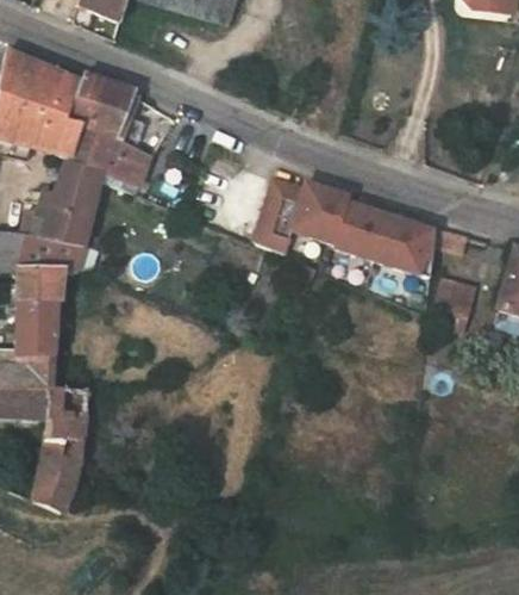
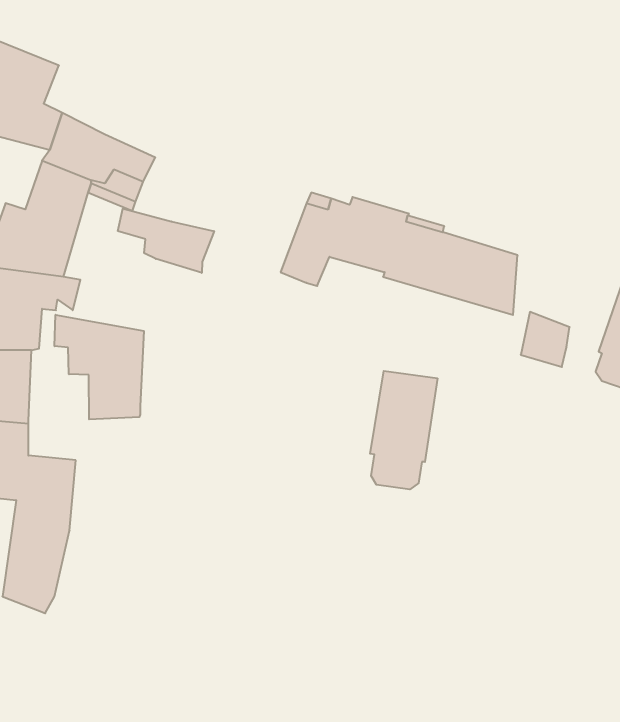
building: [67,72,125,132] -> none
building: none -> [118,208,214,273]
building: none -> [55,315,144,419]
building: none -> [370,371,437,489]

